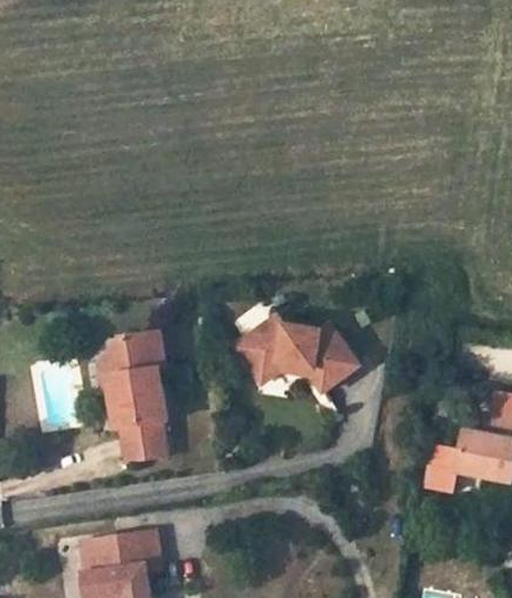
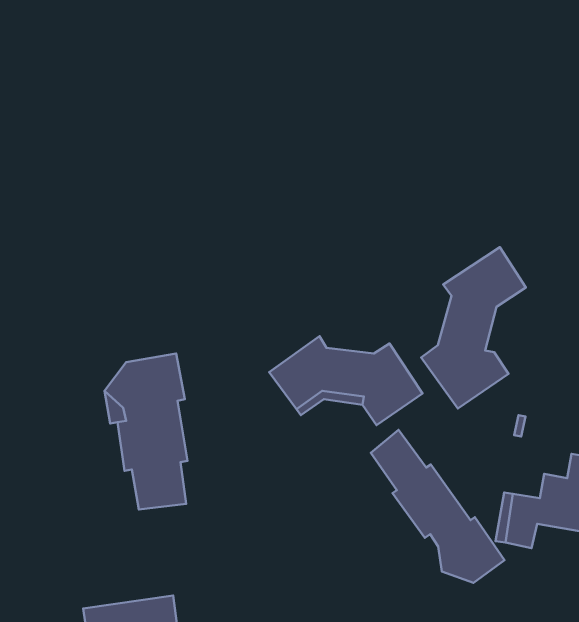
building: none -> [421,247,526,408]
building: none -> [371,430,505,583]

